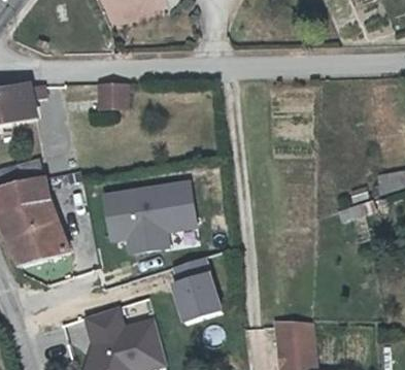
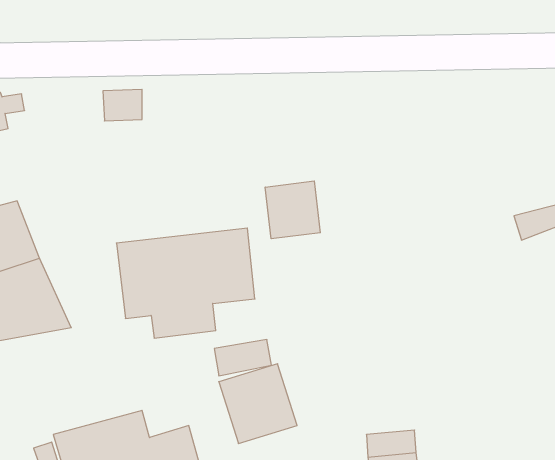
building: none -> [265,181,320,239]

